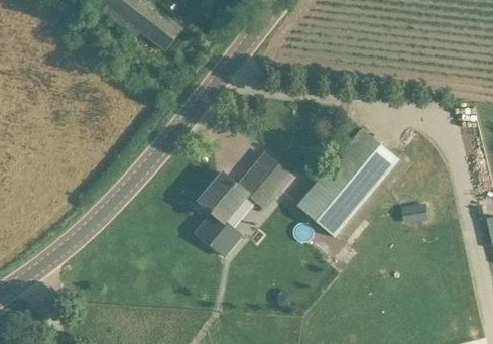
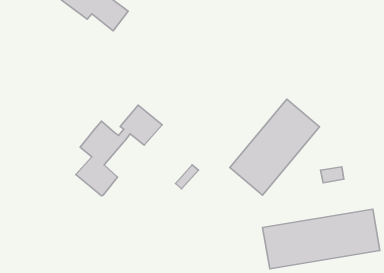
building: [194,152,291,255] -> [76,105,162,196]
building: none -> [263,209,380,269]

